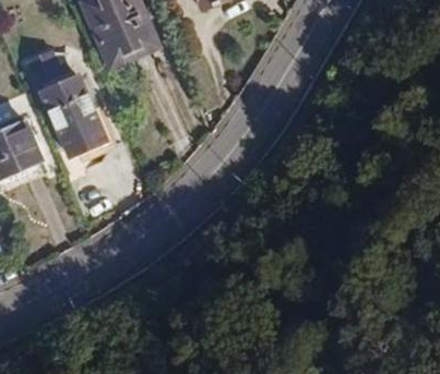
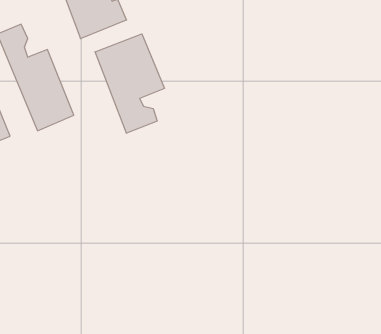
building: none -> [95,34,165,133]

